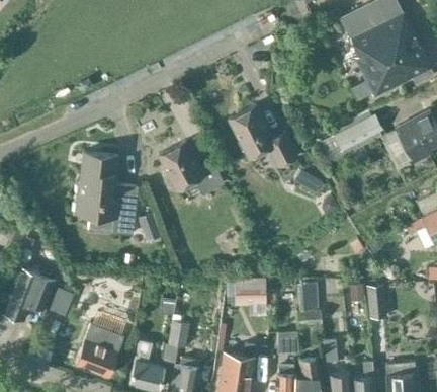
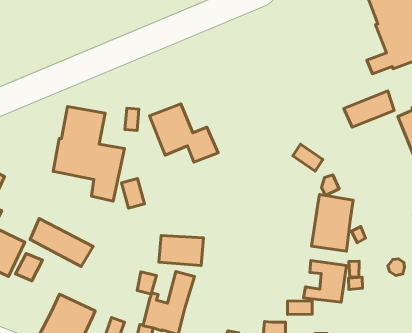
building: [229,105,297,166] -> none
building: none -> [312,195,353,251]
building: none -> [30,218,93,266]
building: [228,278,266,303] -> [159,235,204,266]
building: [368,285,387,318] -> none

